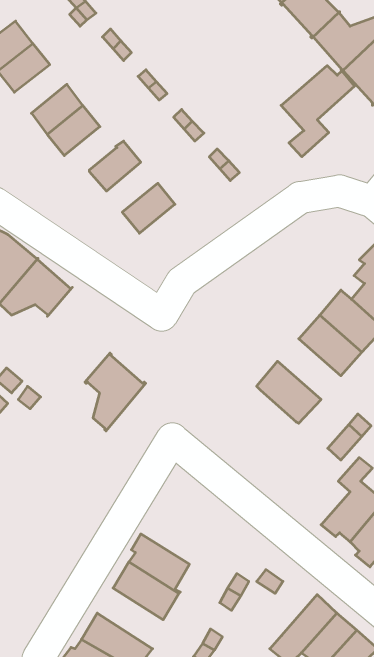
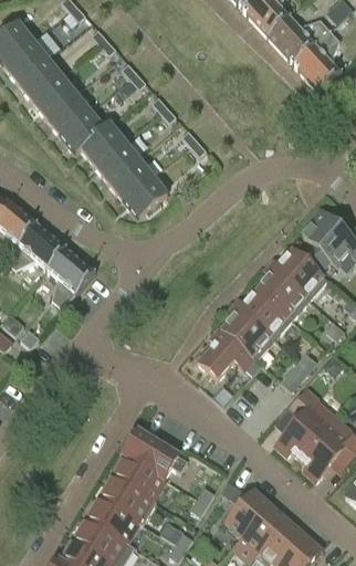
building: none -> [18,59,62,99]
building: [281,66,355,157] -> none
building: none -> [60,111,104,153]
building: none -> [95,140,138,182]
building: none -> [123,176,167,219]
building: none -> [239,289,292,339]
building: [85,353,146,431] -> [45,245,96,311]
building: none -> [198,332,254,379]
building: none -> [124,430,188,478]
building: none -> [224,488,272,537]
building: none -> [87,497,143,548]

